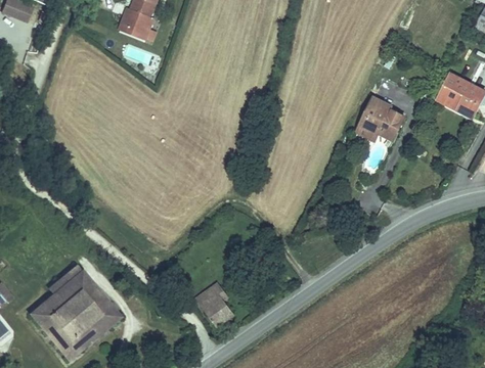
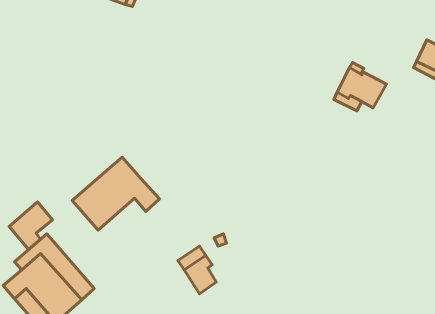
building: none -> [72,157,160,230]
building: none -> [9,202,52,250]

